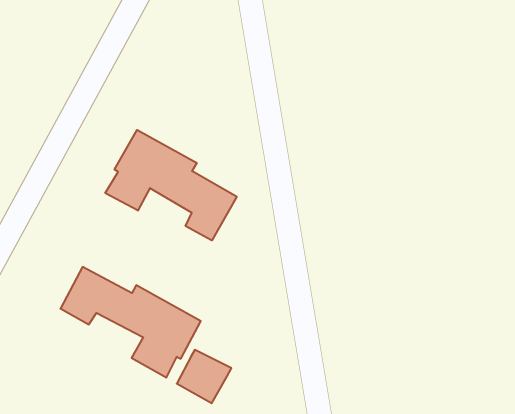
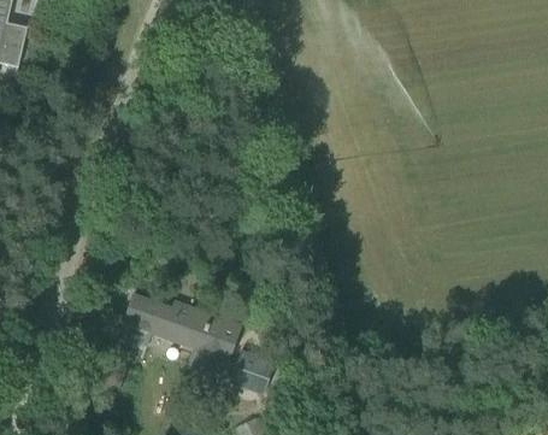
building: [105,130,237,240] -> none

